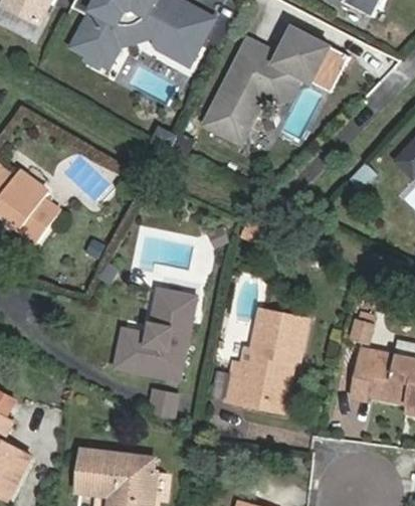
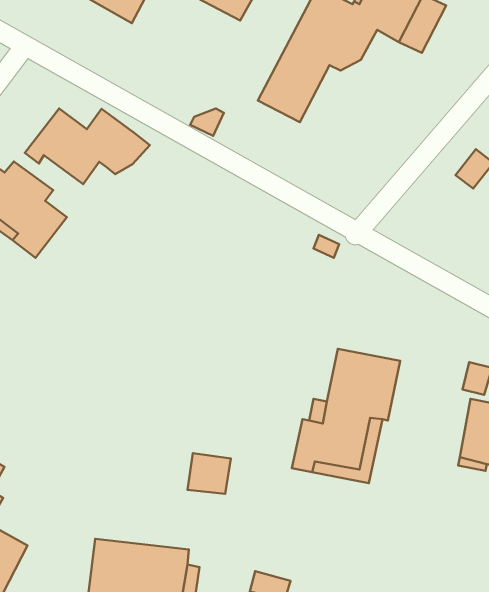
building: none -> [25,108,150,184]
building: [116,292,195,379] -> none

